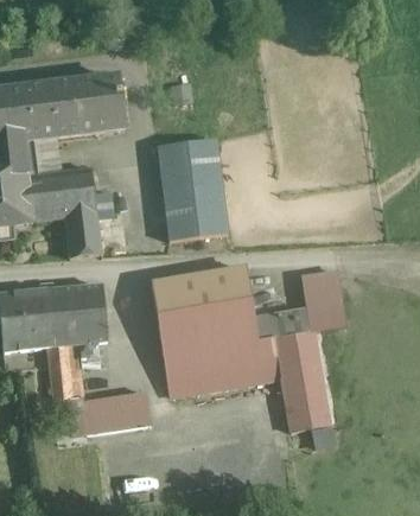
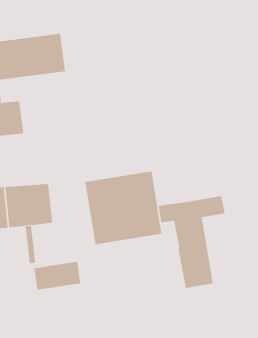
building: [155,136,227,238] -> none
building: [61,166,100,254] -> none
building: [303,269,342,306] -> none
building: [165,336,281,393] -> none
building: [46,343,74,397] -> none

